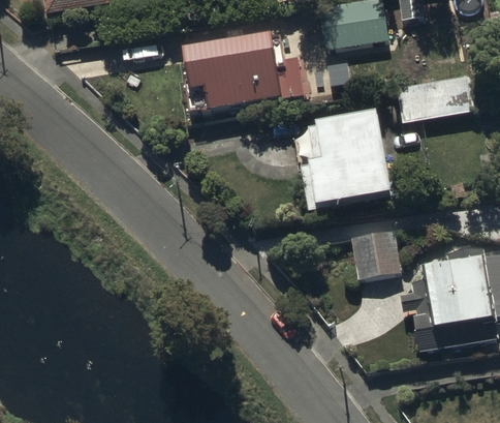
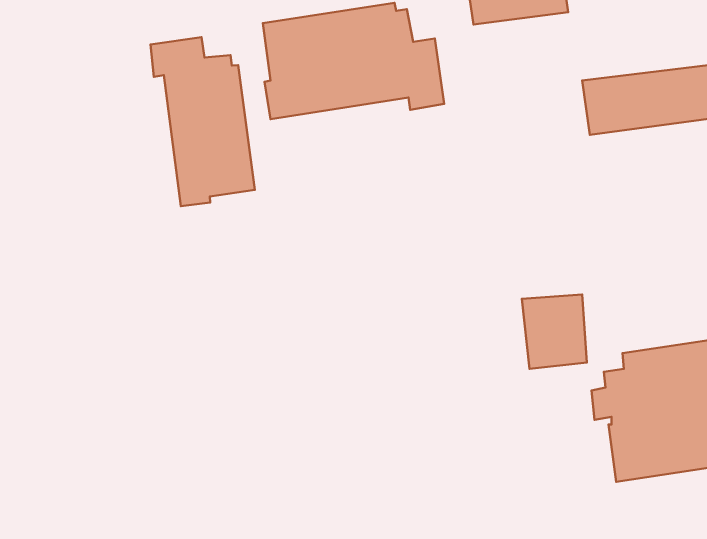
building: none -> [150,37,255,206]
building: [304,109,390,205] -> none

